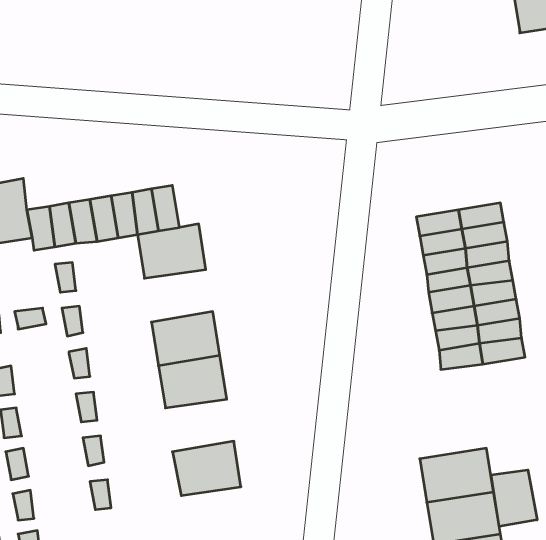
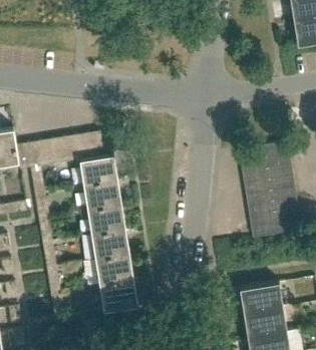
building: none -> [83,182,122,212]
building: none -> [95,256,134,286]
building: [491,470,537,527] -> none

